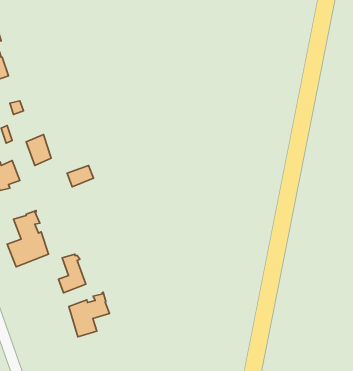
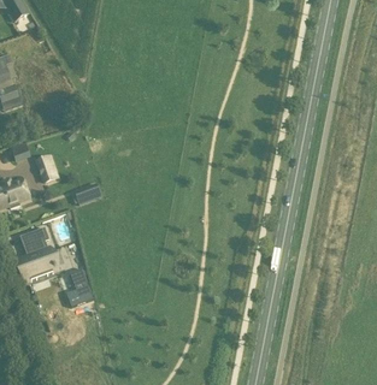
building: [69,292,109,337] -> none

